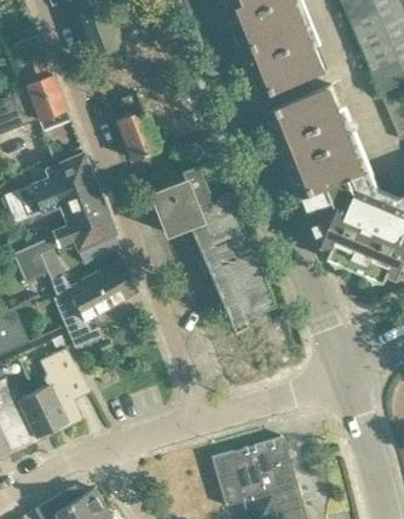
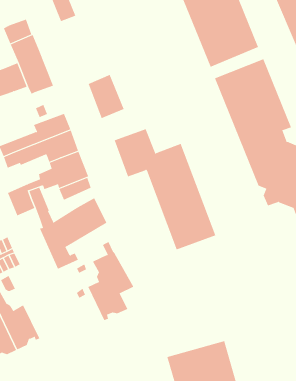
building: [33,334,91,433] -> [87,241,134,321]

